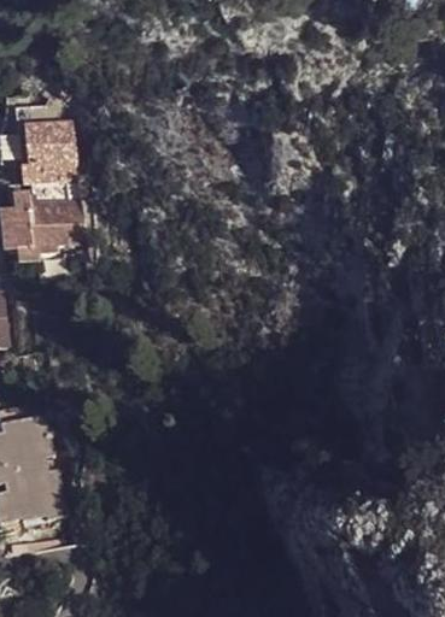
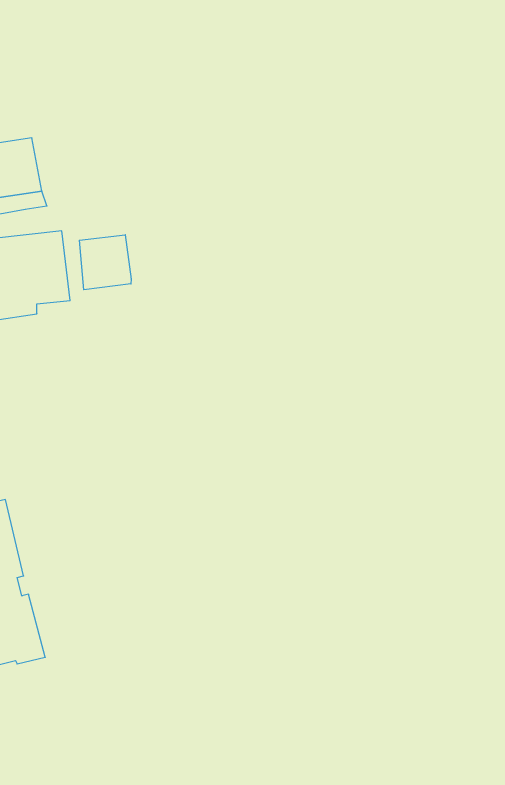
building: none -> [79,235,131,290]

